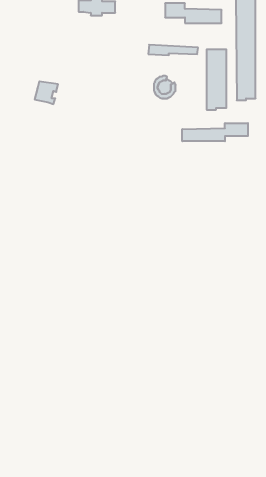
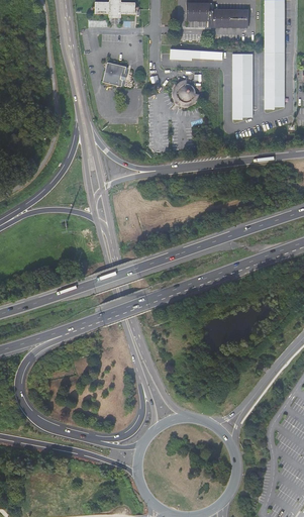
building: [35,81,58,104] -> [102,64,127,88]
building: [182,123,248,141] -> none

